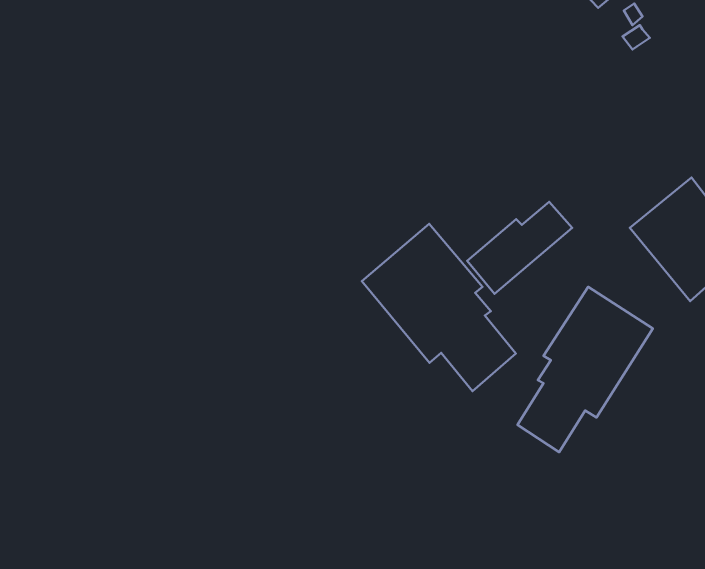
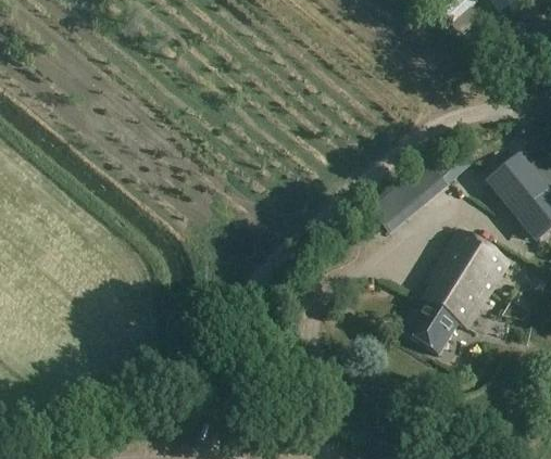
building: [362,224,516,391] -> none

